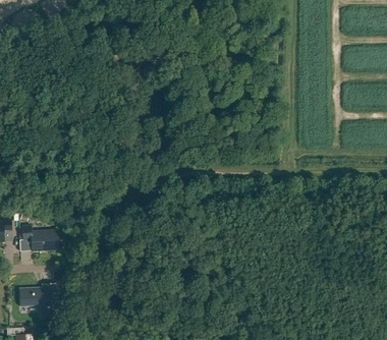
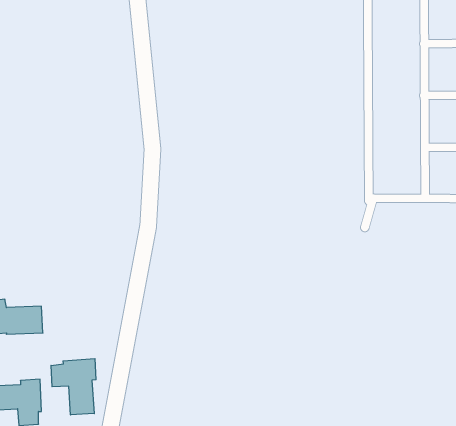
building: none -> [51,359,96,415]

